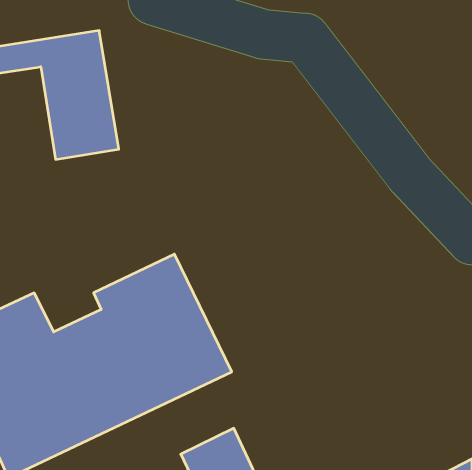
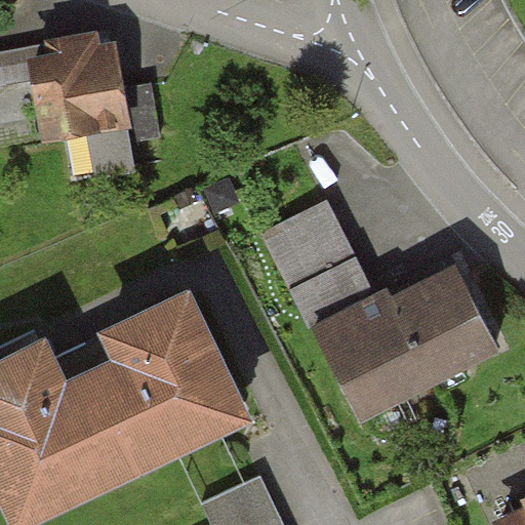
building: none -> [272,211,497,419]

